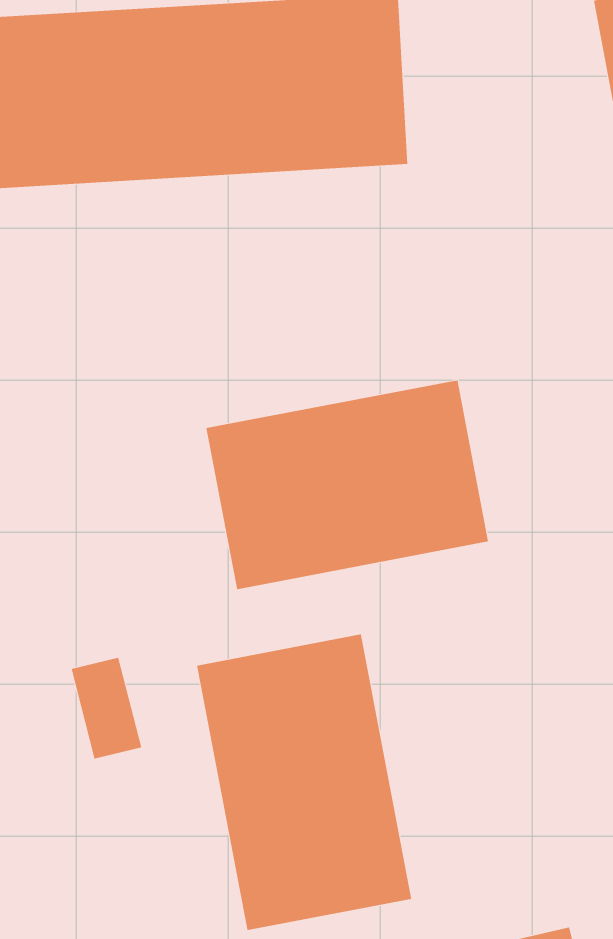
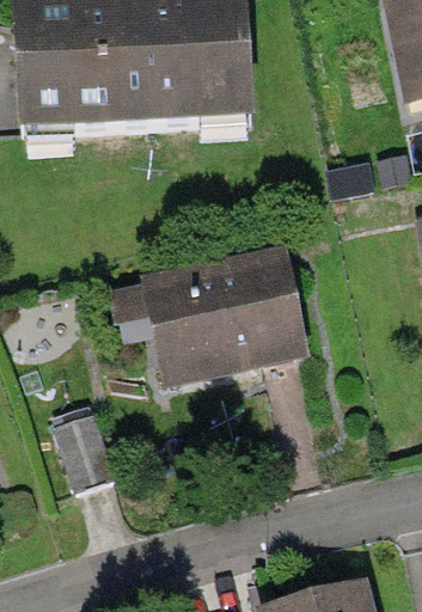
building: [197,634,412,931] -> none

